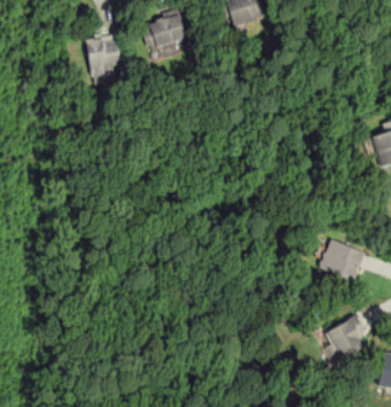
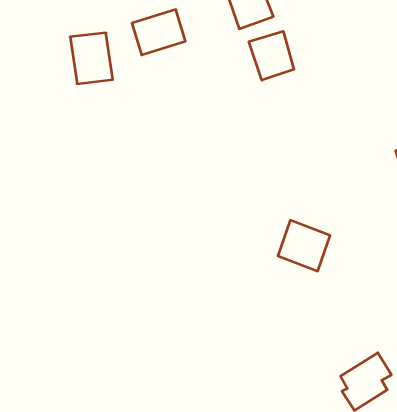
building: none -> [249,31,294,80]
building: [318,238,364,283] -> [278,220,330,271]

